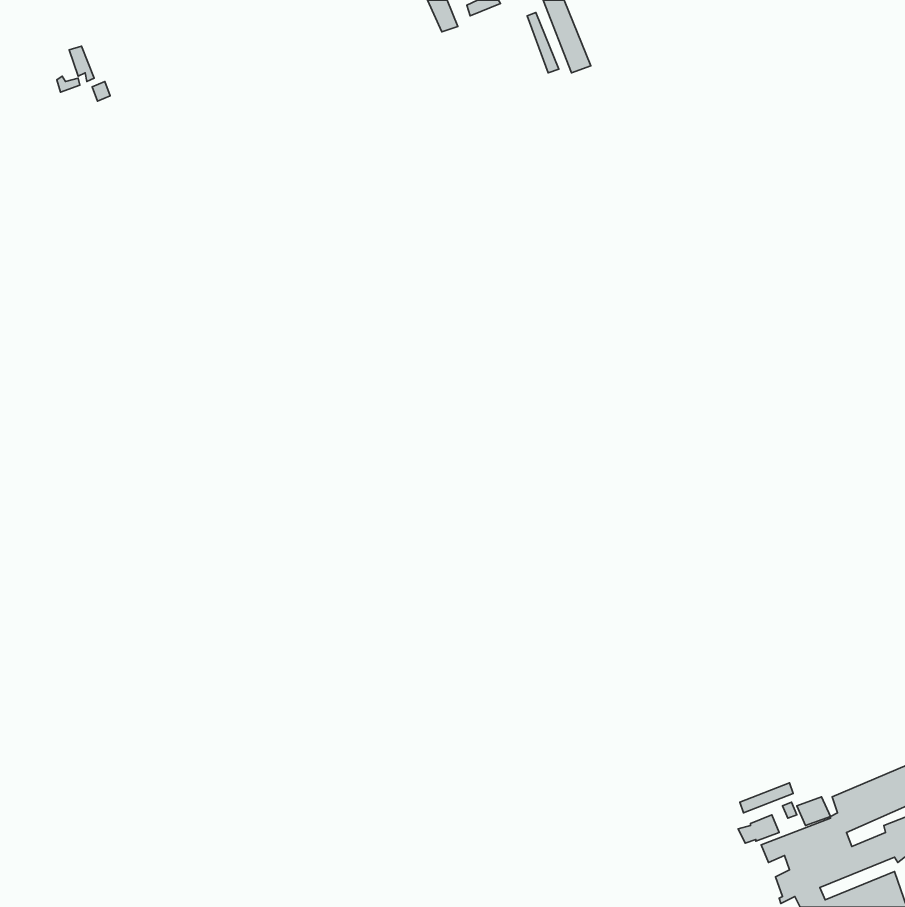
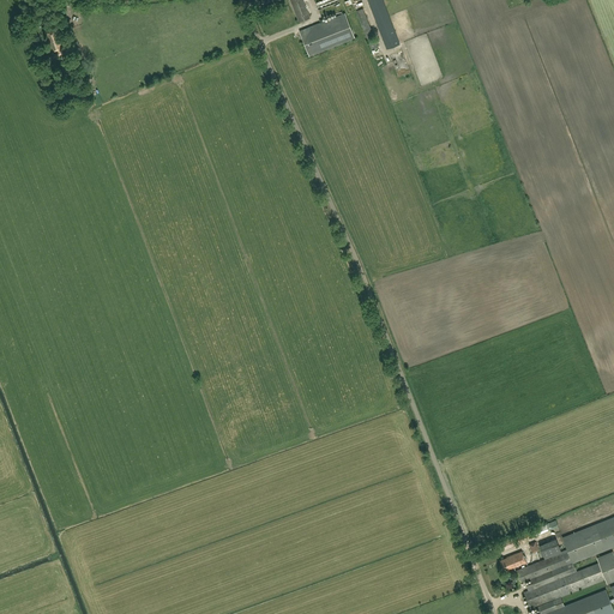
building: none -> [300,13,356,56]

